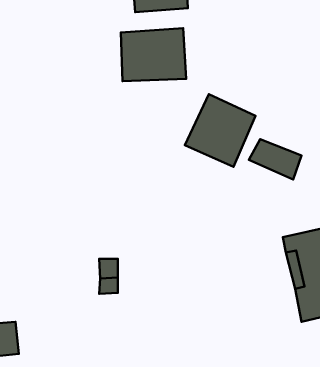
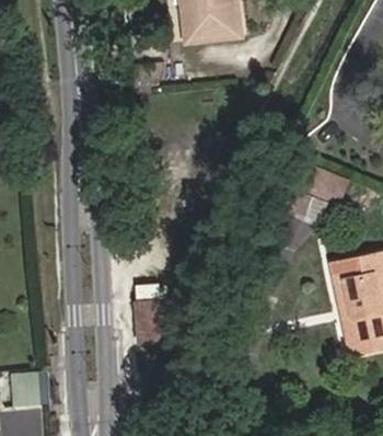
building: [121,28,186,81] -> none
building: [185,94,255,167] -> none

